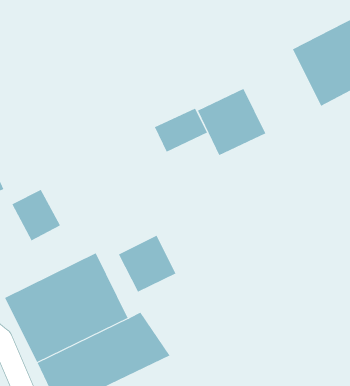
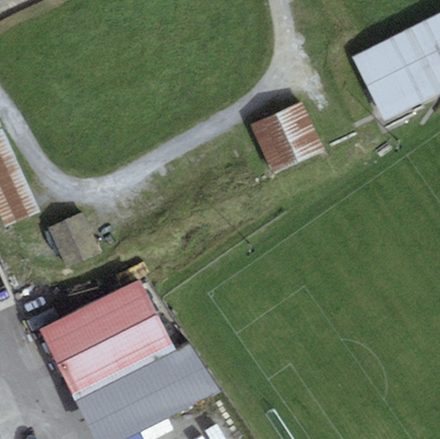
building: [154,108,208,153] -> none
building: [118,235,176,292] -> none

